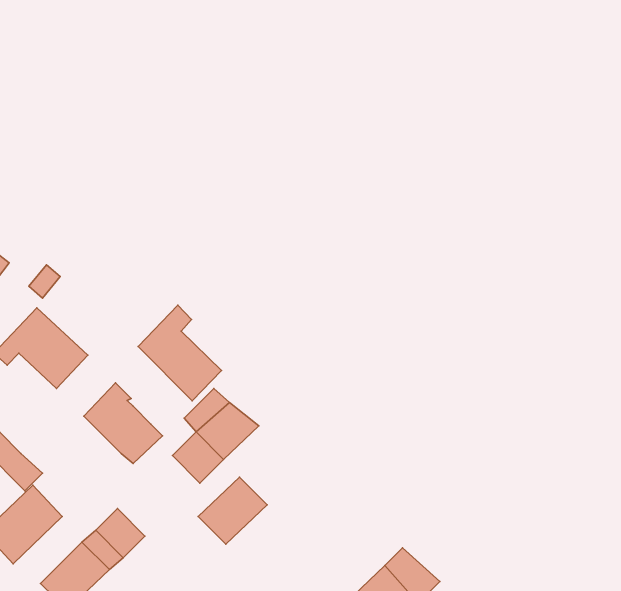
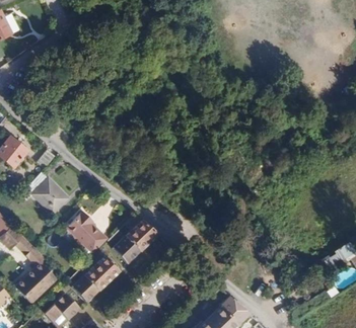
building: [138,305,222,401] -> none
building: [198,477,267,544] -> [83,255,119,290]

